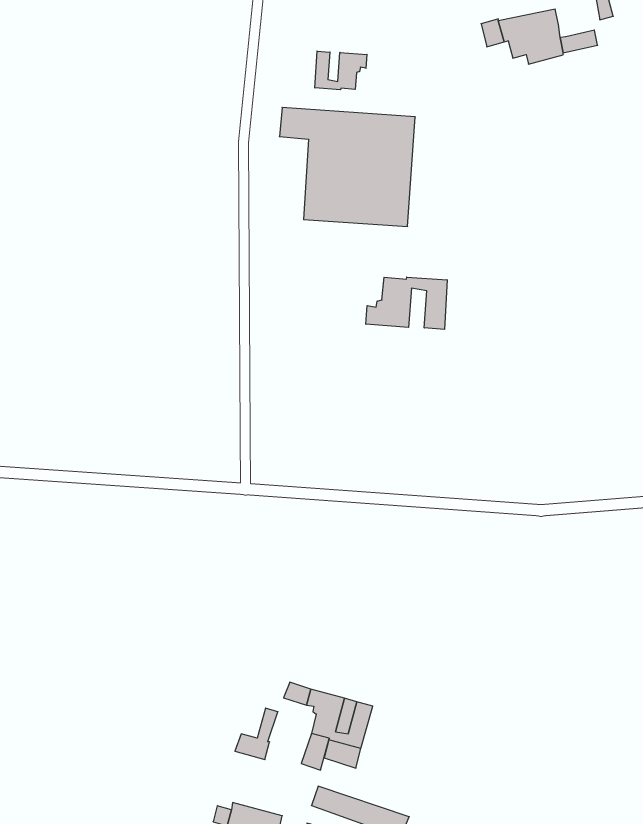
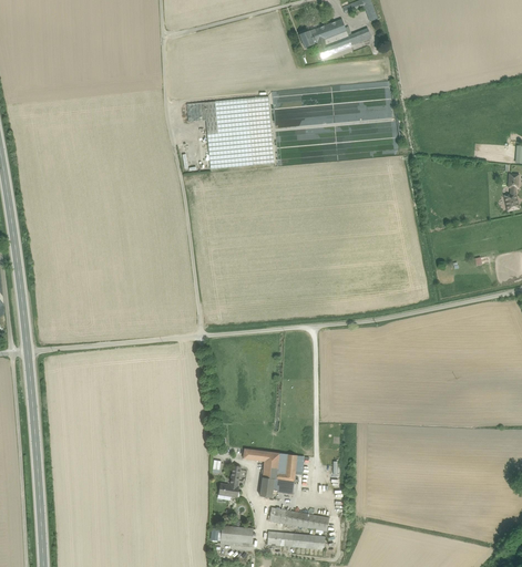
building: [315,51,367,90] -> none
building: [366,277,447,329] -> none

